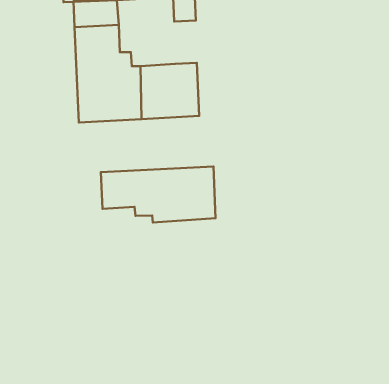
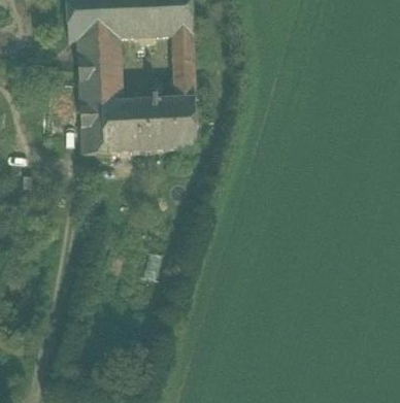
building: none -> [173,56,195,97]
building: [101,166,216,222] -> none

